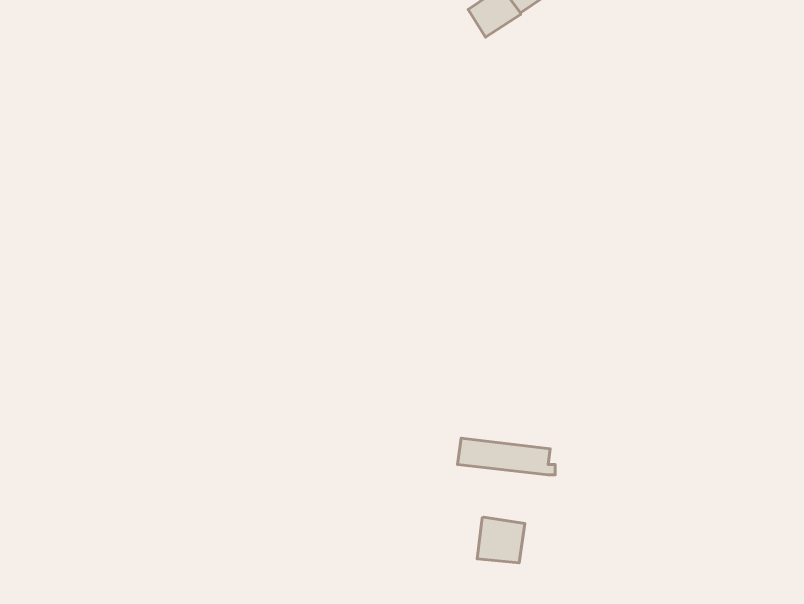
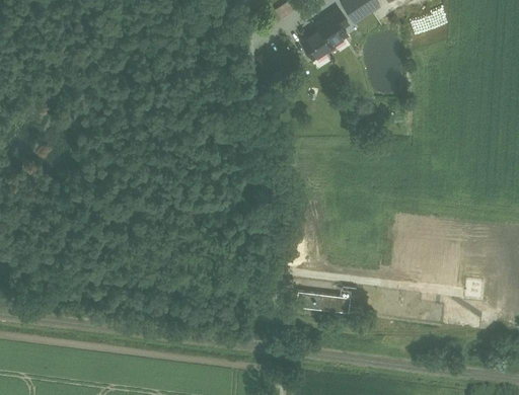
building: [477,517,525,563] -> none

